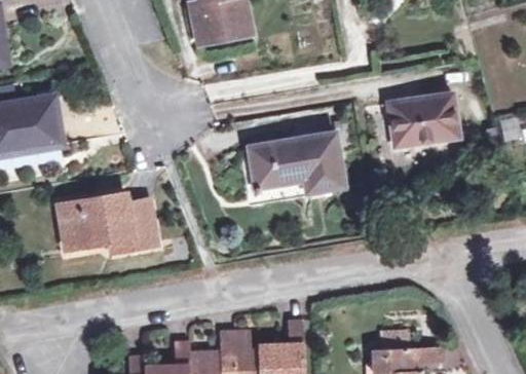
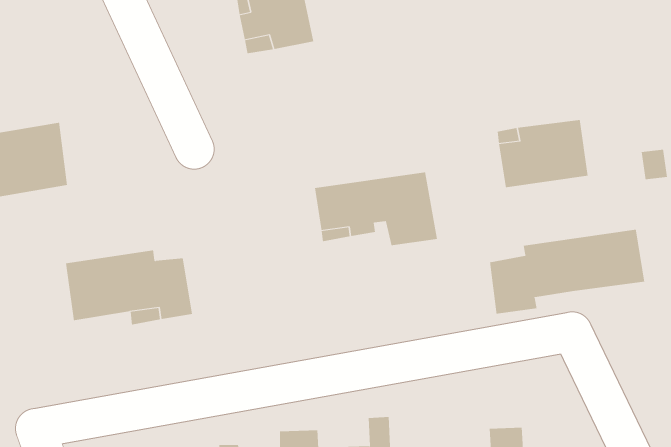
building: none -> [489,229,645,314]

